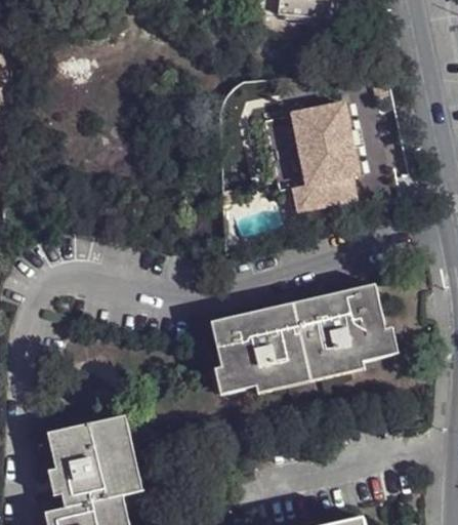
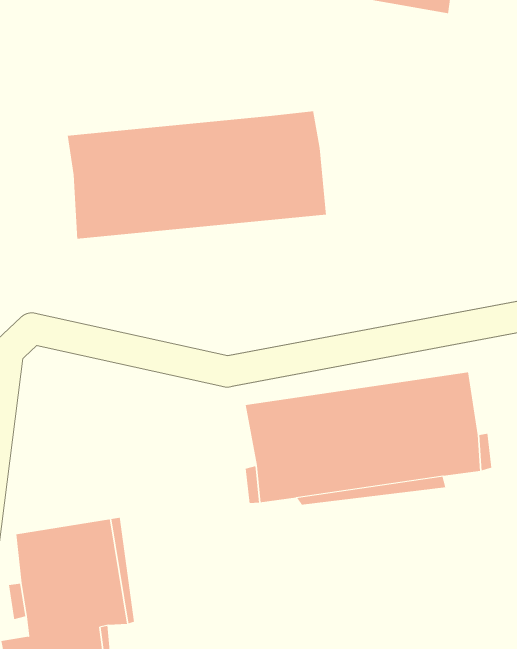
building: none -> [67,111,326,240]
building: [267,103,360,207] -> none

